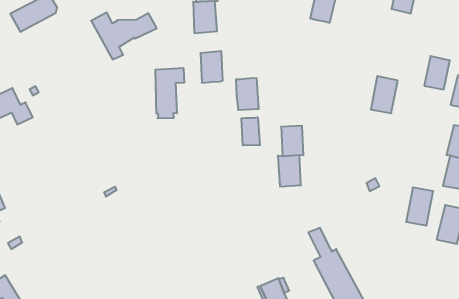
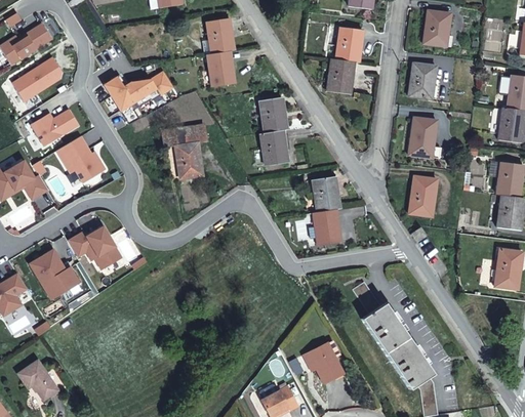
building: none -> [328,57,354,92]
building: none -> [32,109,79,144]
building: [200,51,223,83] -> [261,95,288,131]
building: [424,56,450,89] -> [409,61,435,96]
building: none -> [57,135,107,182]
building: [241,117,260,145] -> none
building: none -> [67,227,119,270]
building: none -> [28,251,77,301]
building: [406,187,433,226] -> [412,175,439,215]

